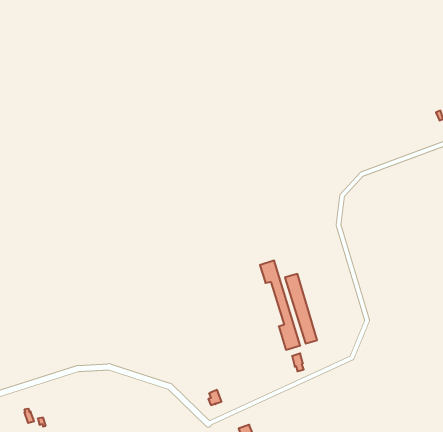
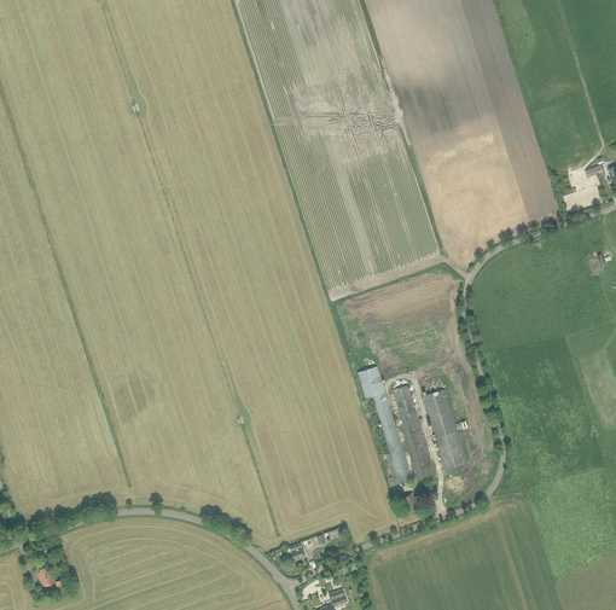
building: none -> [422,389,466,474]

